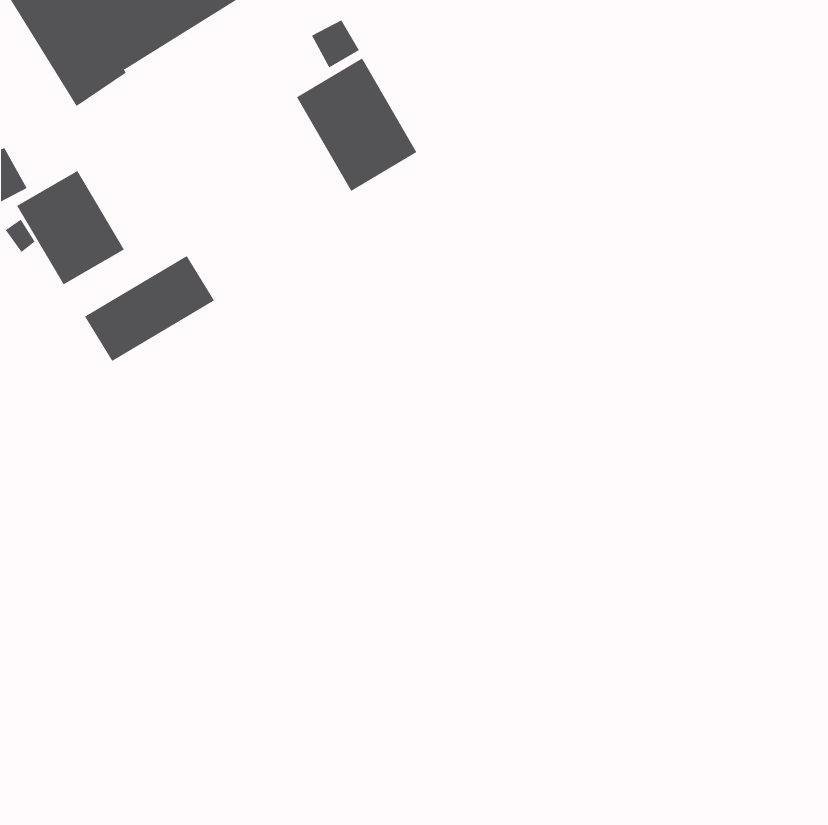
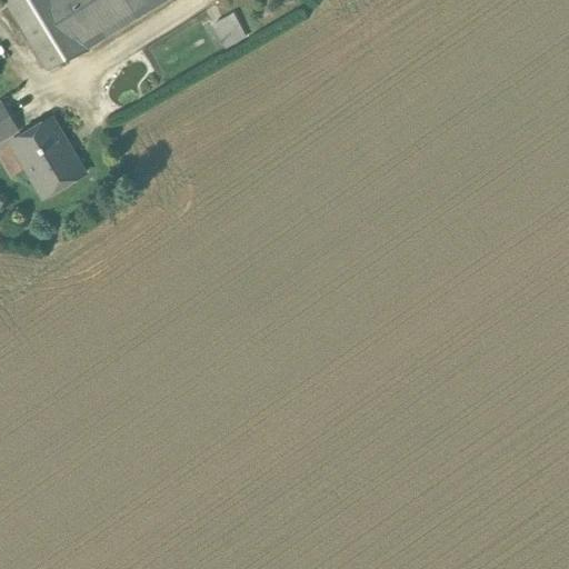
building: [296,57,417,192] -> none
building: [84,255,215,362] -> none

